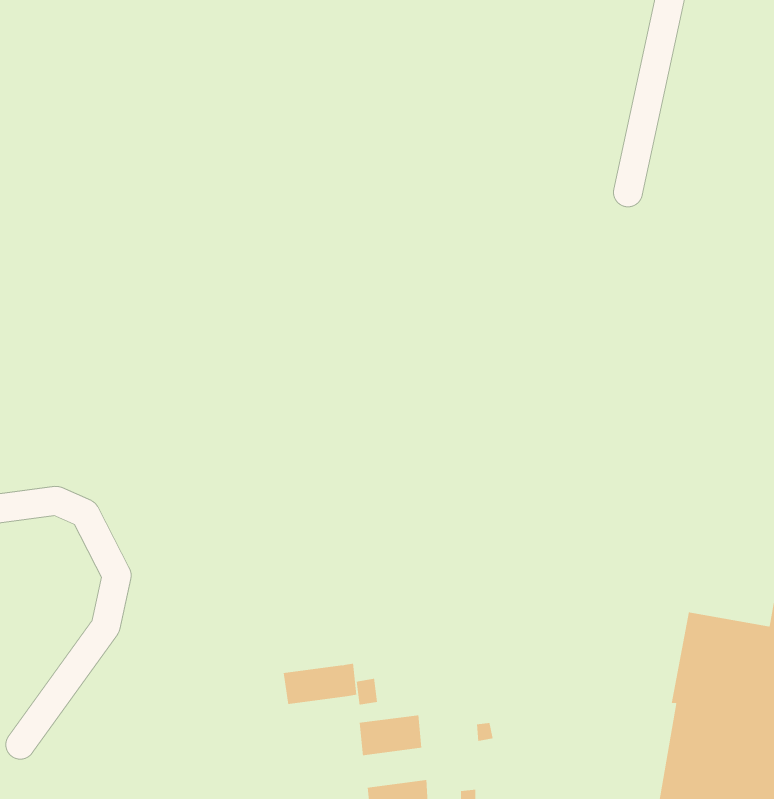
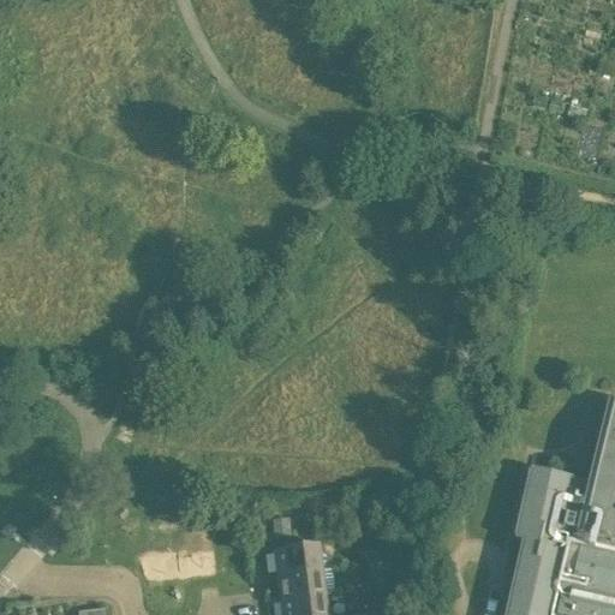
building: [283,663,357,704] -> [279,571,335,602]

